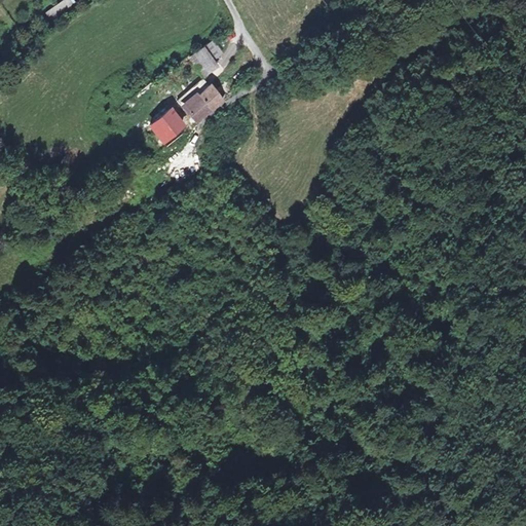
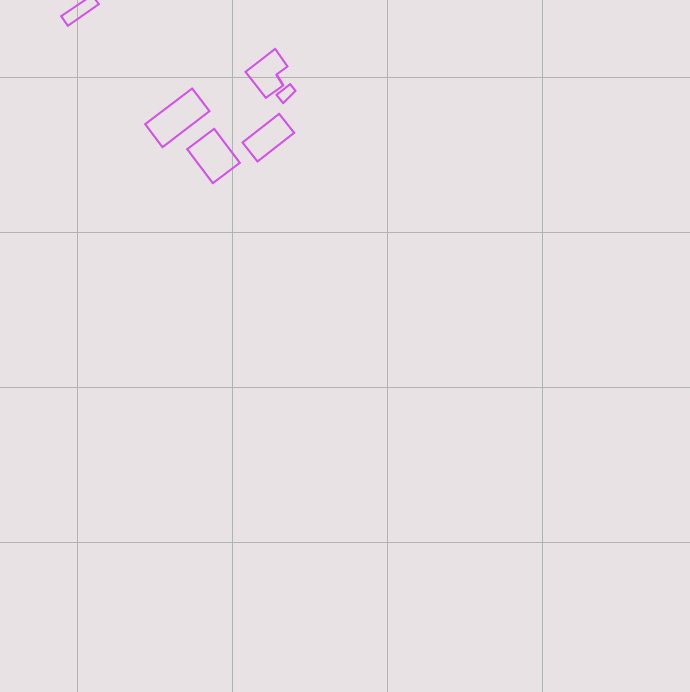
building: none -> [145,88,210,147]

